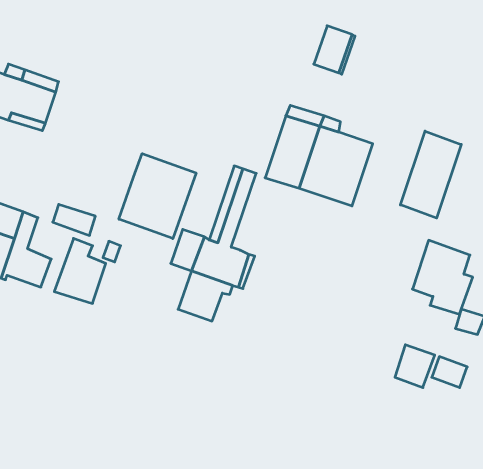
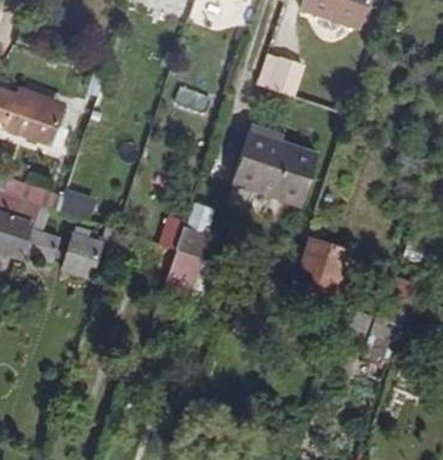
building: [400,131,461,218] -> none
building: [119,154,196,239] -> none
building: [412,240,473,314] -> [302,248,352,308]

